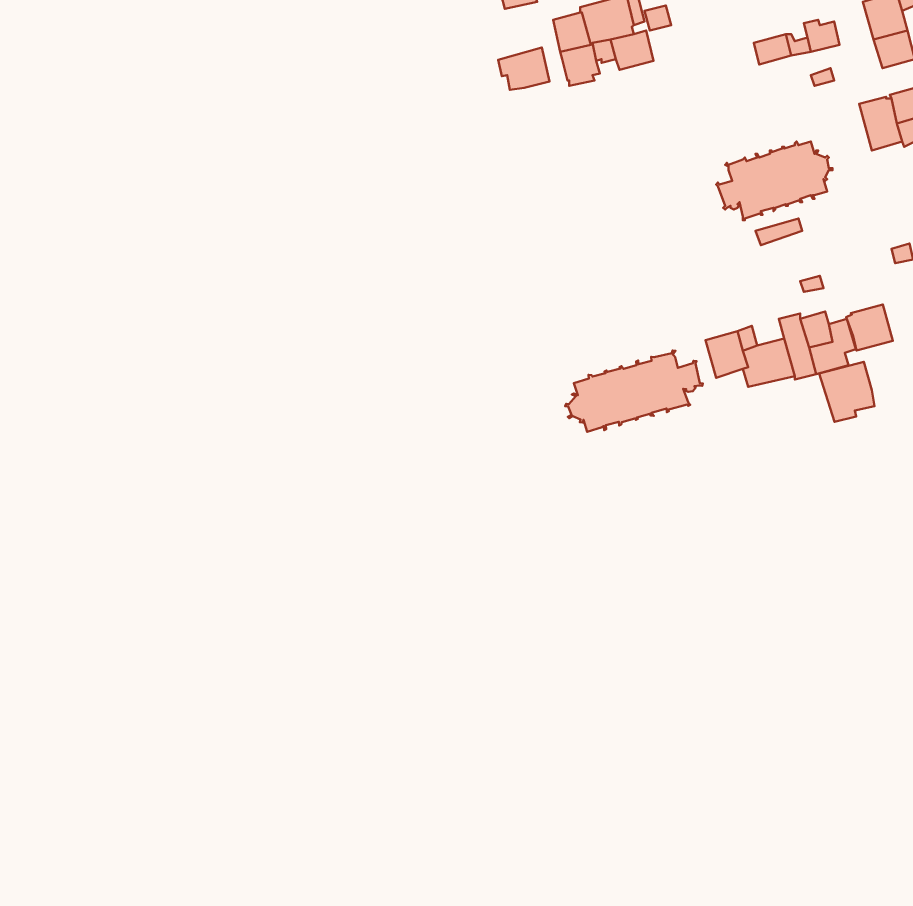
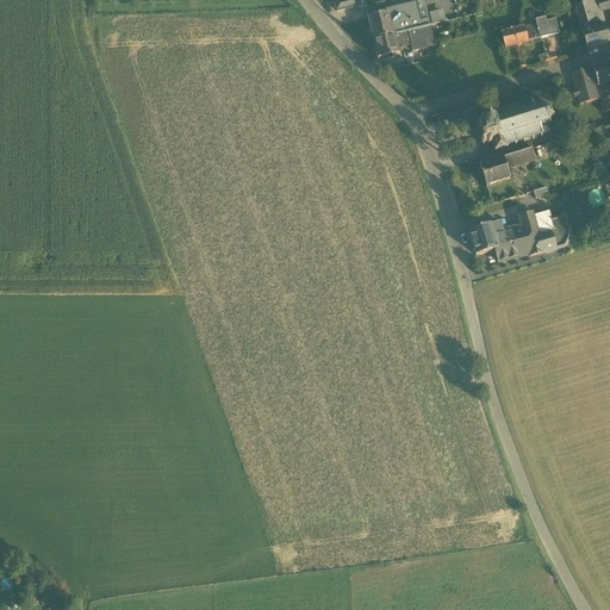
building: [498,48,550,90] -> none
building: none -> [480,154,511,182]
building: [846,304,893,350] -> none
building: [565,351,703,432] -> none
building: [819,362,874,422] -> none

